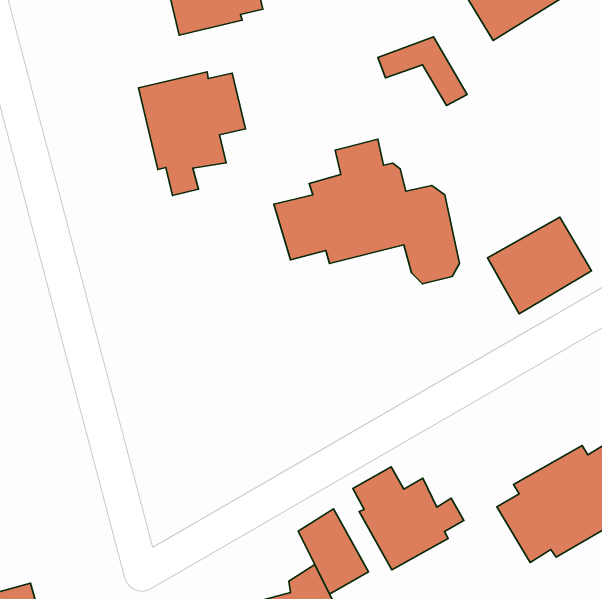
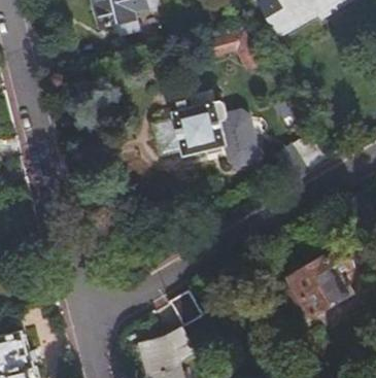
building: [139,72,246,195] -> none
building: [353,467,464,570] -> none

